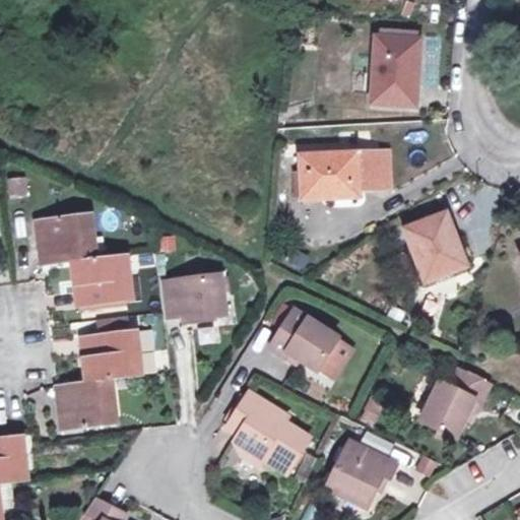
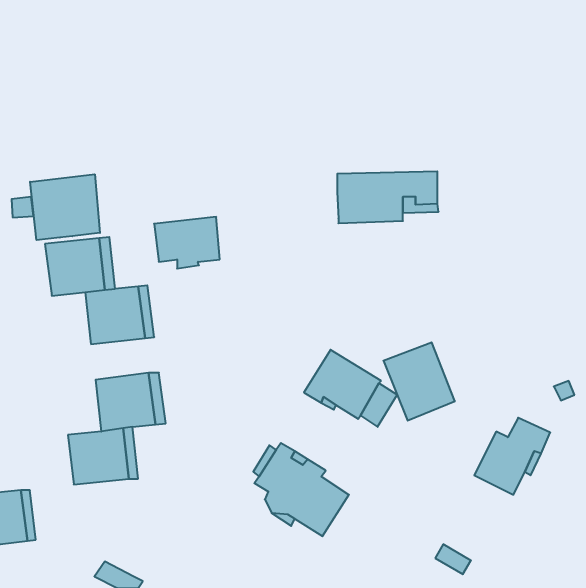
building: [371,34,417,104] -> none
building: none -> [30,174,100,240]
building: [400,212,463,281] -> [383,342,455,421]
building: [165,274,222,320] -> [154,217,220,269]
building: [326,440,394,505] -> none

